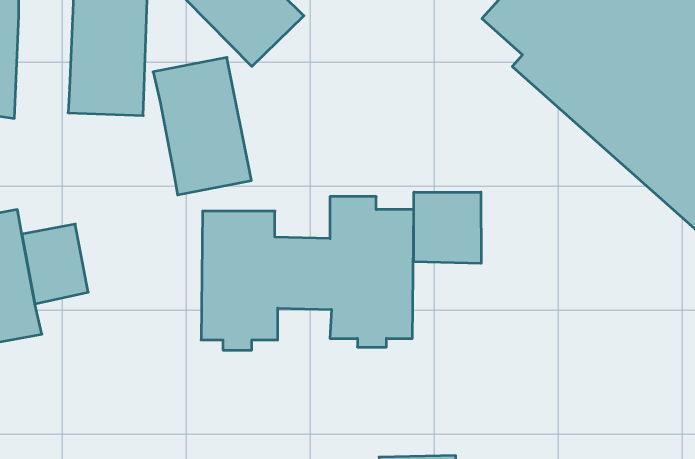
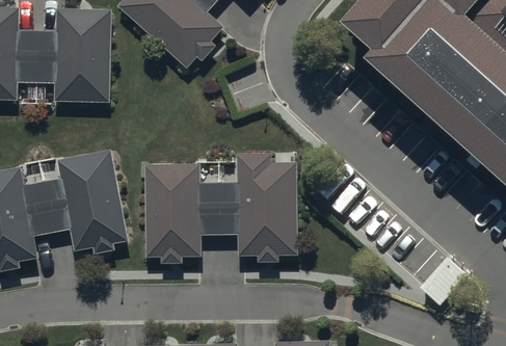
building: none -> [14,26,54,78]
building: [153,57,251,195] -> [51,143,122,242]
building: [414,192,481,263] -> none

